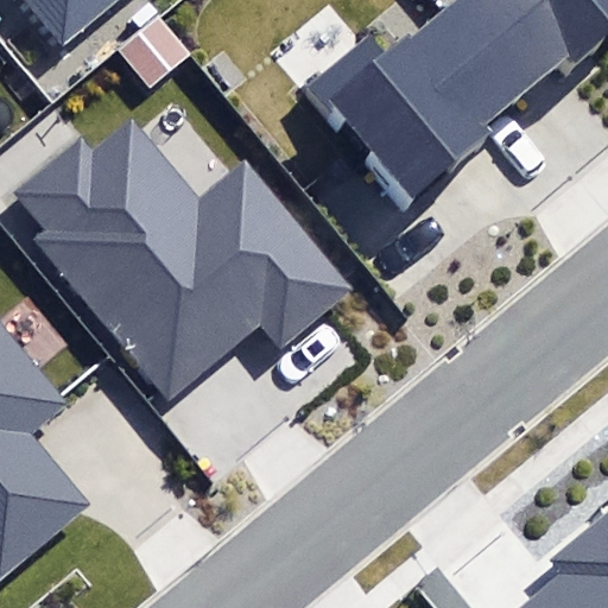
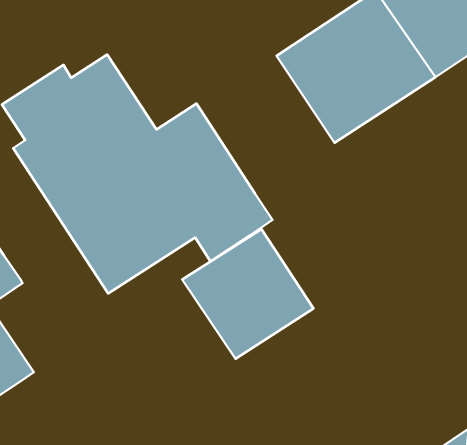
building: none -> [182,229,313,359]

